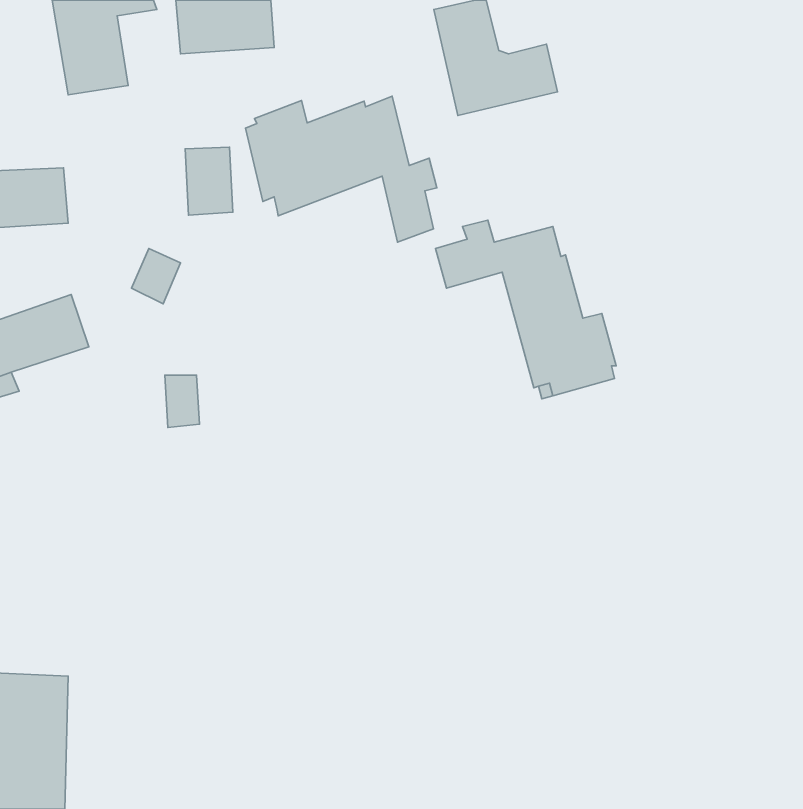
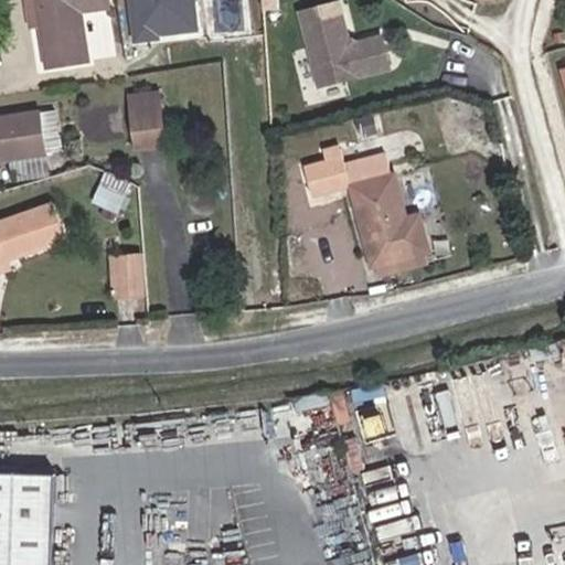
building: [245,96,437,242] -> none

